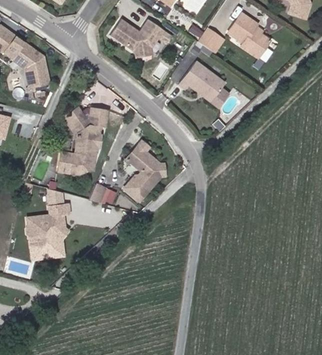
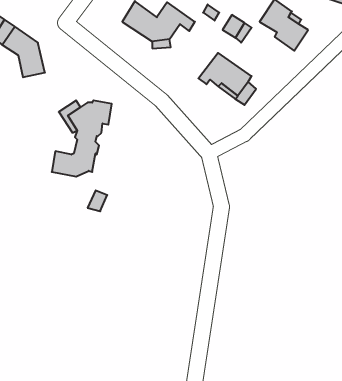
building: [120,140,156,200] -> none
building: [22,186,69,258] -> none

